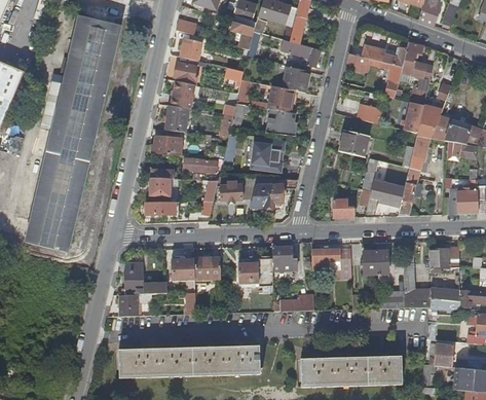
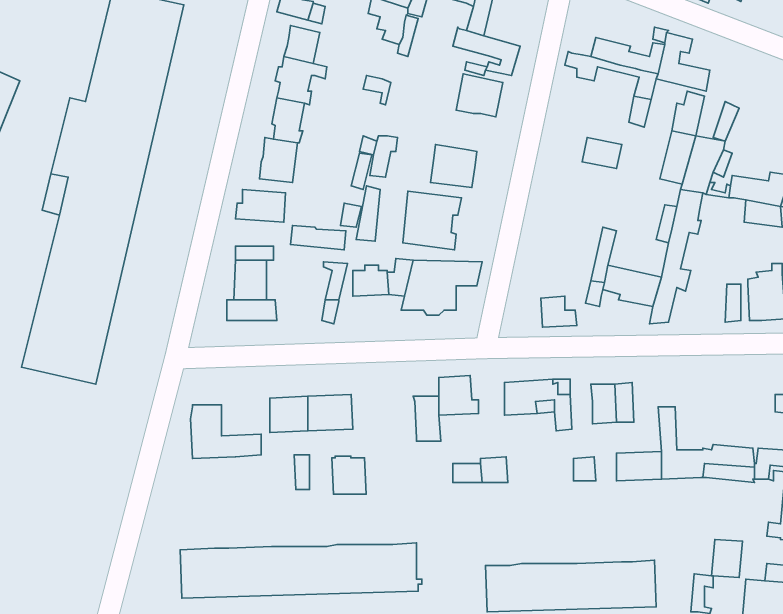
building: [267,84,293,111] -> none
building: [339,130,369,156] -> none
building: [429,248,459,272] -> none
building: [238,260,259,283] -> [332,456,366,494]
building: [117,294,152,316] -> none

